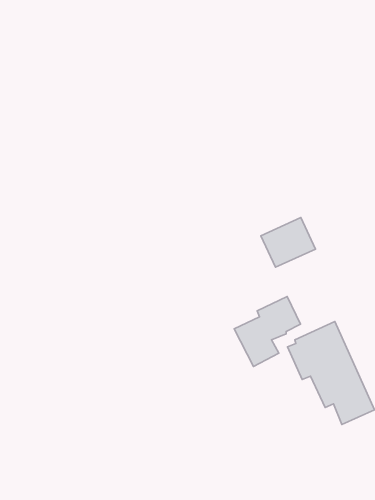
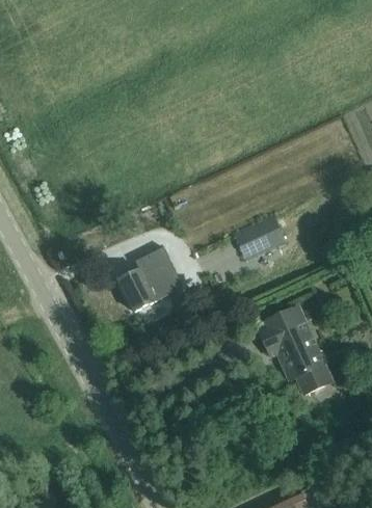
building: [234,296,301,366] -> [118,251,176,312]

